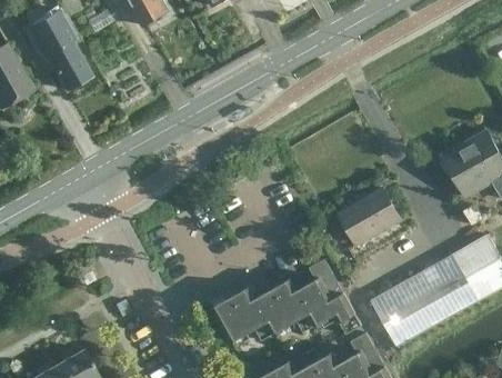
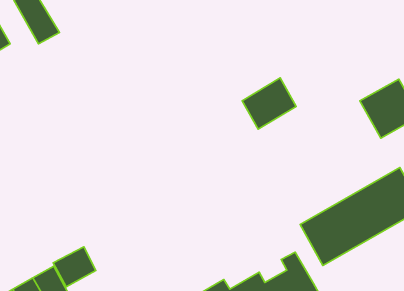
building: [338,186,401,246] -> [242,78,296,129]
building: [212,258,362,341] -> none
building: none -> [53,247,96,287]

